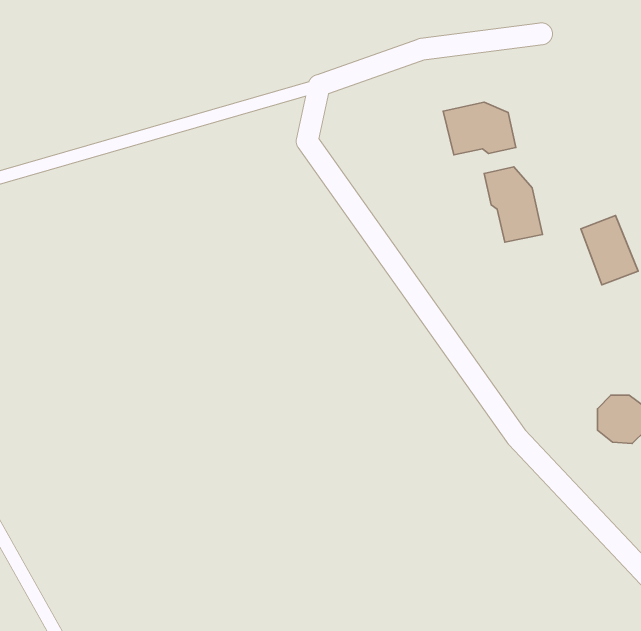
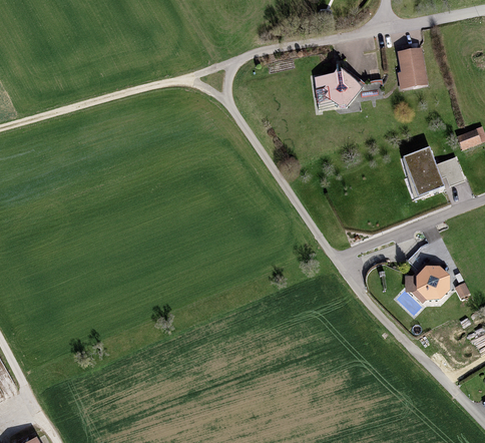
building: none -> [398,51,425,89]
building: [484,167,543,242] -> none

